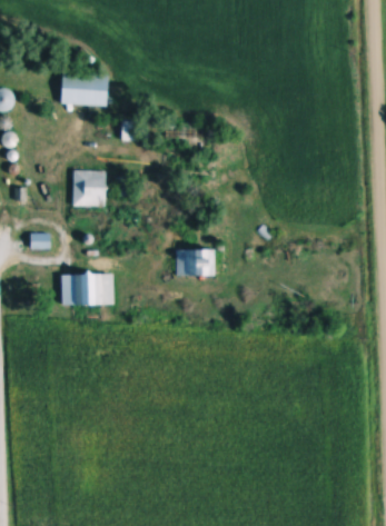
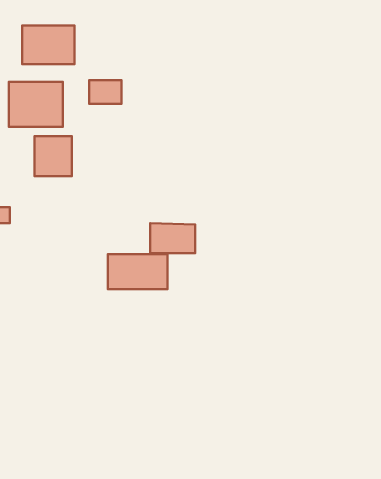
building: none -> [9,82,63,127]
building: [60,274,113,305] -> [108,254,167,289]

